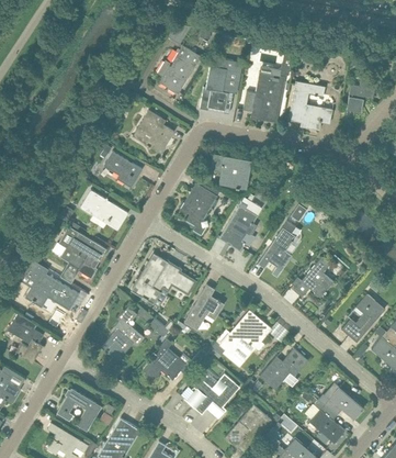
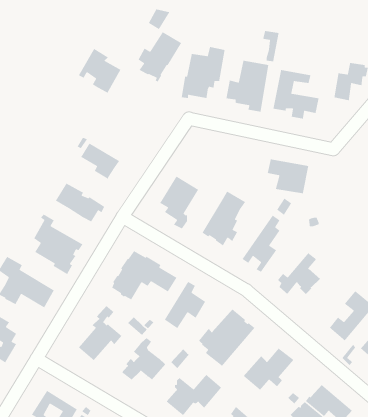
building: [133,110,174,154] -> [78,48,121,94]
building: [211,155,251,189] -> [267,159,309,194]

